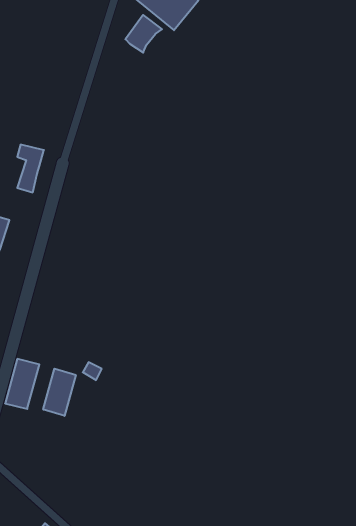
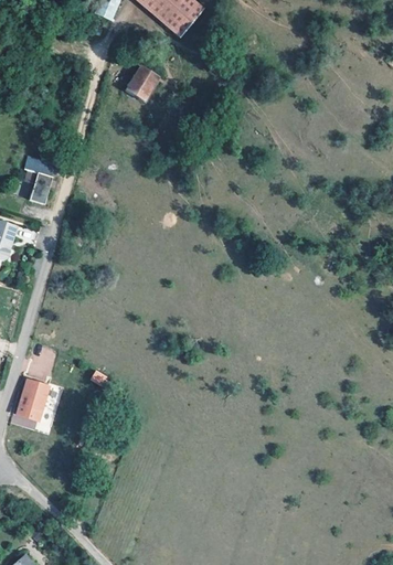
building: [125,15,162,53] -> [124,65,160,103]
building: [43,369,76,416] -> none

